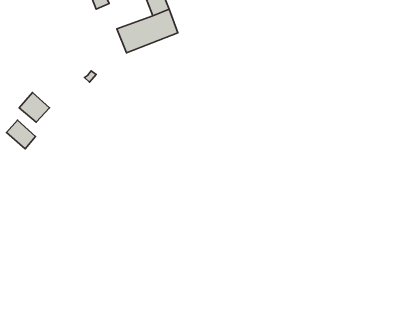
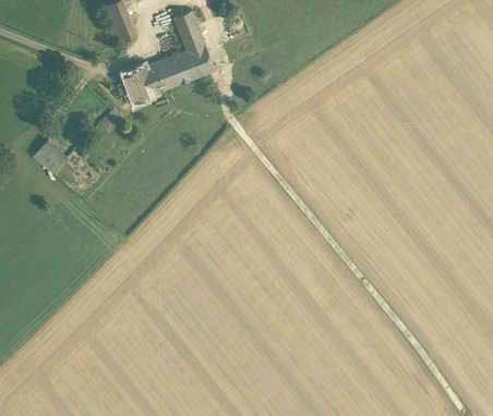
building: none -> [122,61,155,99]
building: [6,120,35,149] -> none

